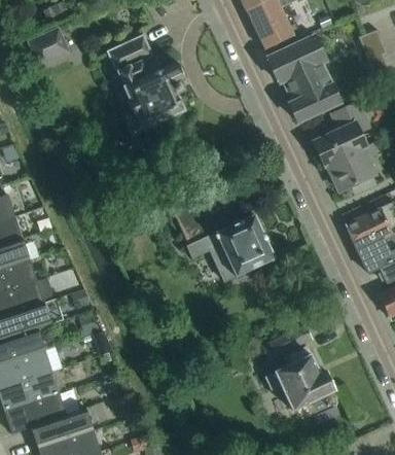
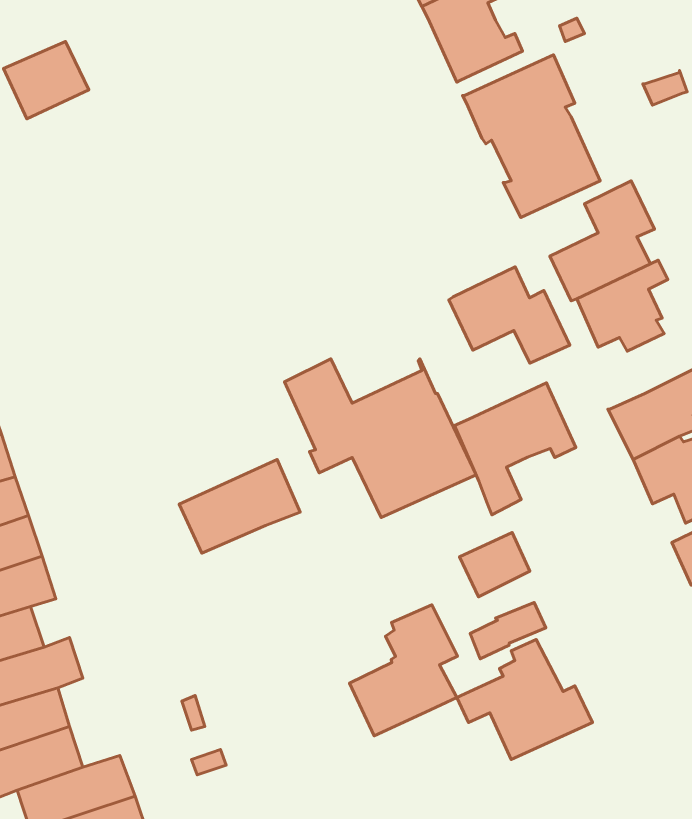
building: [108,34,185,133] -> none
building: none -> [449,267,570,363]
building: none -> [454,383,576,515]
building: none -> [179,460,300,553]
building: none -> [460,532,530,597]
building: none -> [350,605,457,736]

